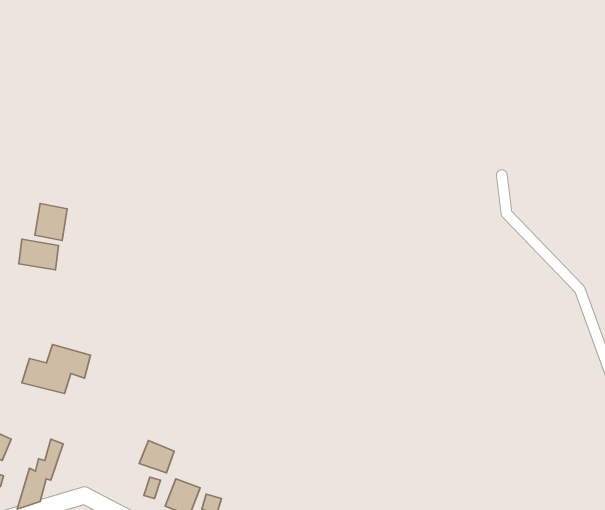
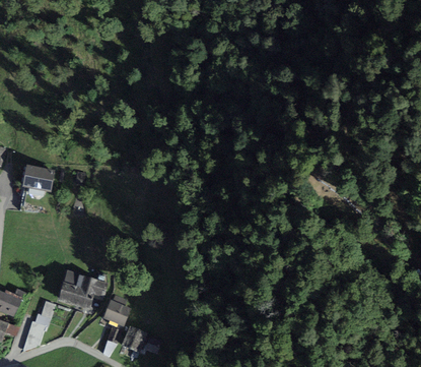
building: [35,204,67,240] -> none
building: [22,345,91,393] -> [60,274,106,307]

